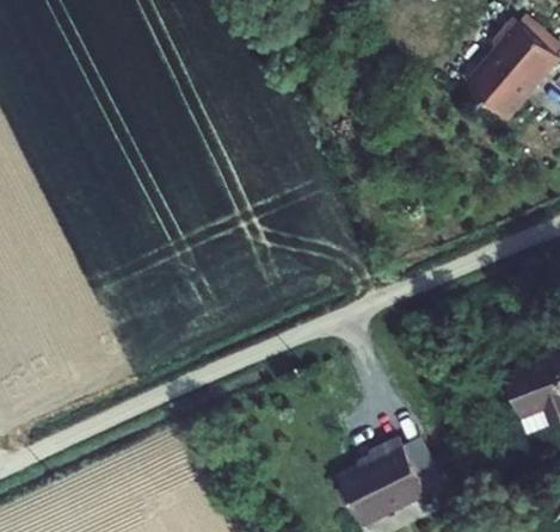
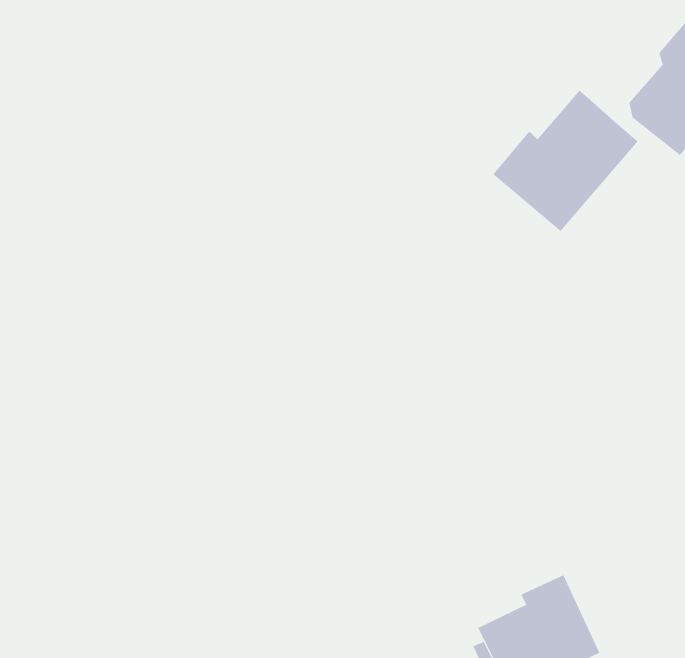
building: none -> [492,90,639,232]

